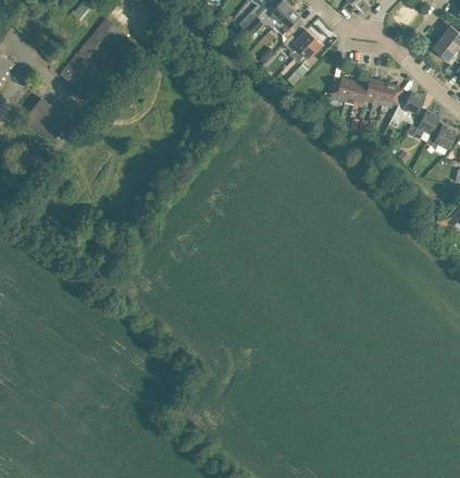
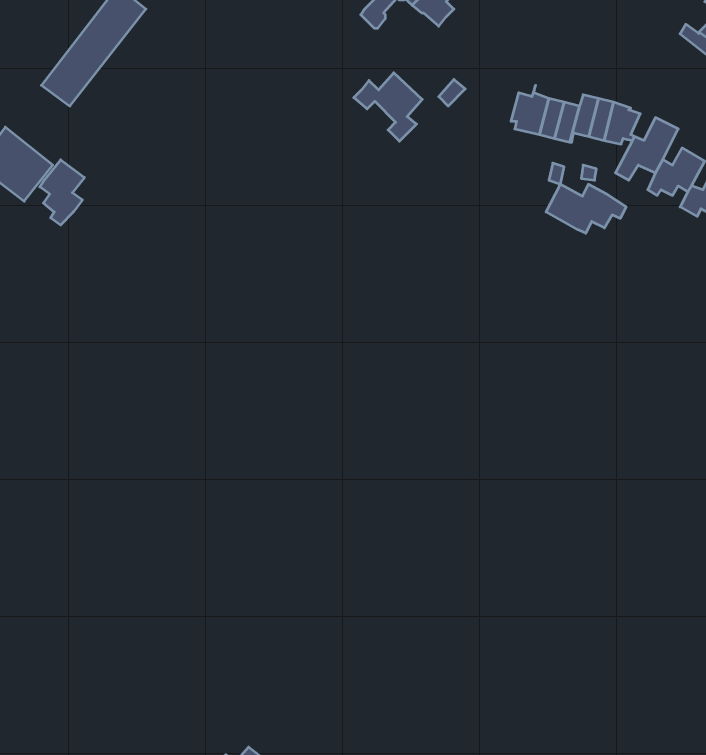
building: [283,29,322,69] -> [354,73,422,141]
building: none -> [40,160,84,225]
building: none -> [546,184,626,233]

